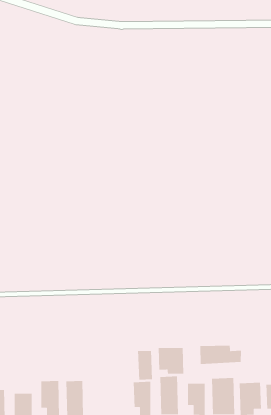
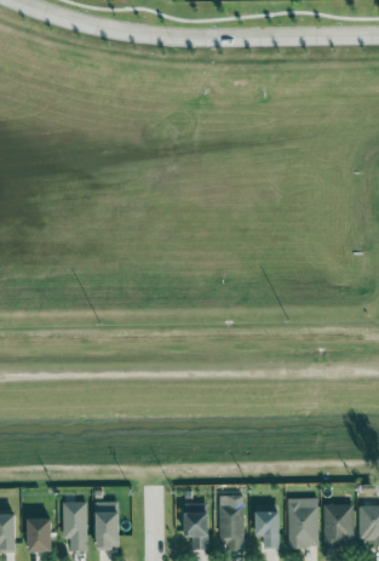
building: [200,345,242,365] -> none
building: [158,347,184,375] -> none
building: [137,350,153,381] -> none

